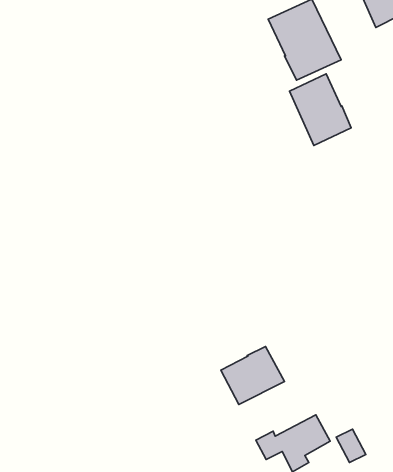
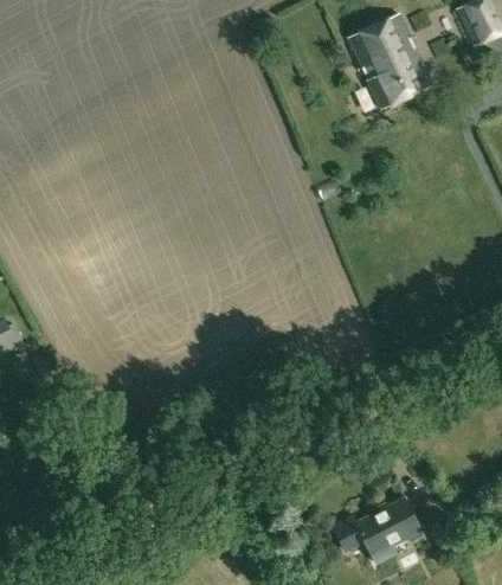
building: [290,74,351,145] -> none
building: [221,347,284,404] -> none

